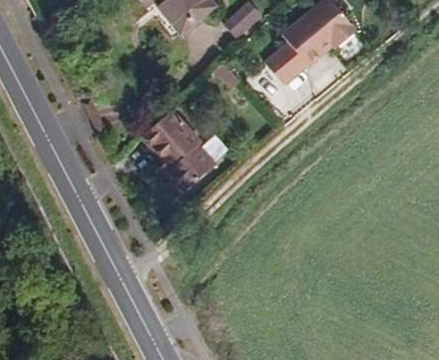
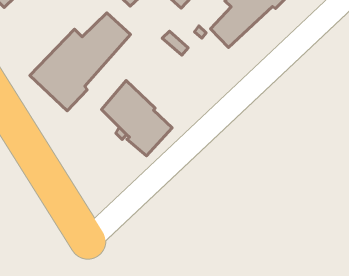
building: none -> [30,13,131,111]

